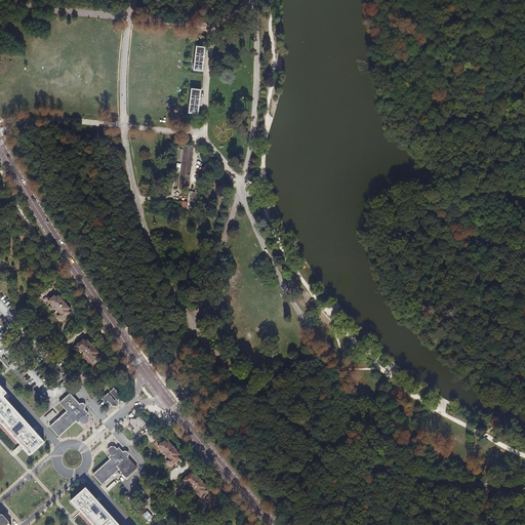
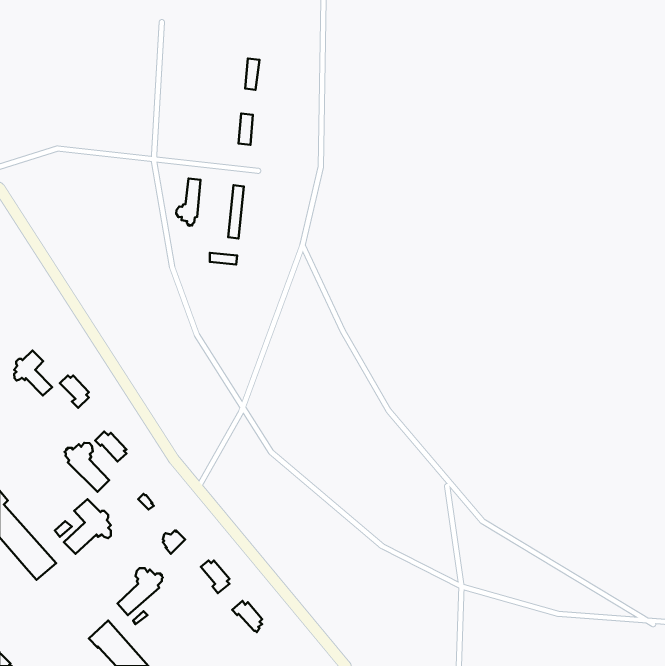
building: none -> [176,179,201,226]
building: none -> [14,351,52,396]
building: none -> [65,443,109,492]

